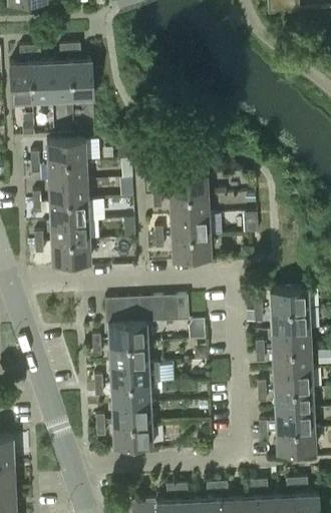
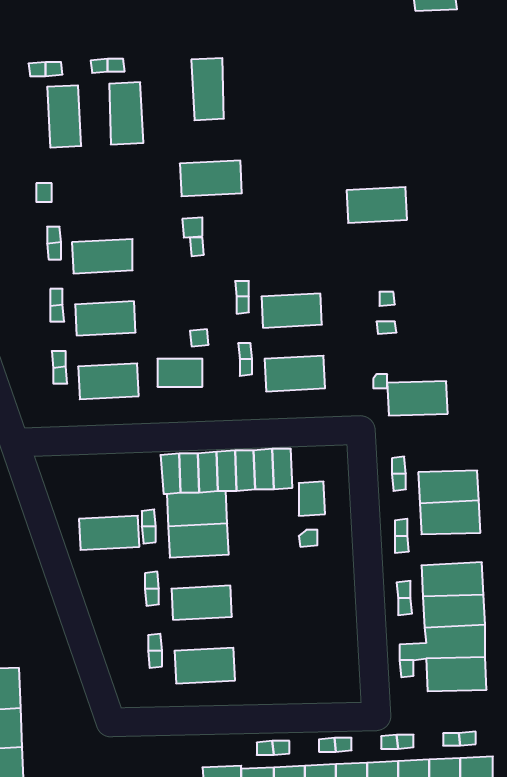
building: [51,62,72,102] -> [191,58,224,120]
building: [10,64,33,104] -> none
building: [46,141,86,164] -> [180,161,242,196]
building: [169,176,208,199] -> [347,187,407,223]
building: [48,182,87,204] -> none
building: [171,217,210,239] -> none
building: [50,222,89,244] -> none
building: [270,291,309,313] -> [387,381,448,415]
building: [273,352,312,373] -> none
building: [110,366,149,388] -> [79,516,139,550]
building: [112,406,151,428] -> none

